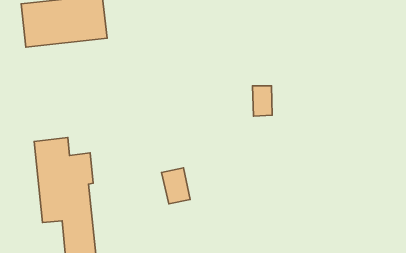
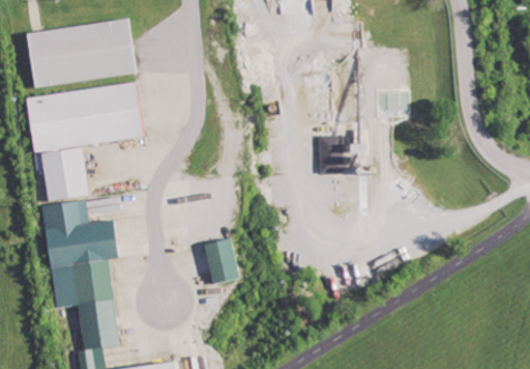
building: none -> [27,84,142,201]

